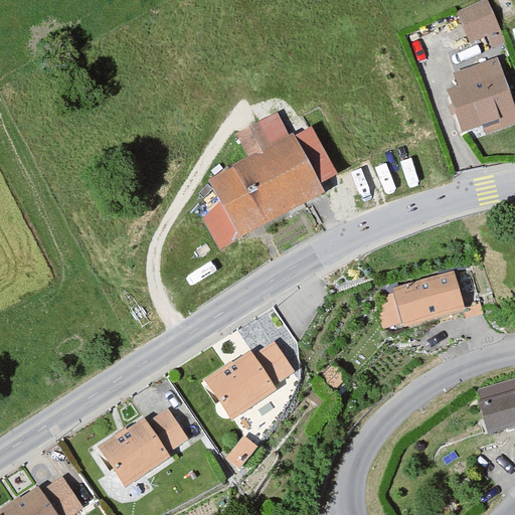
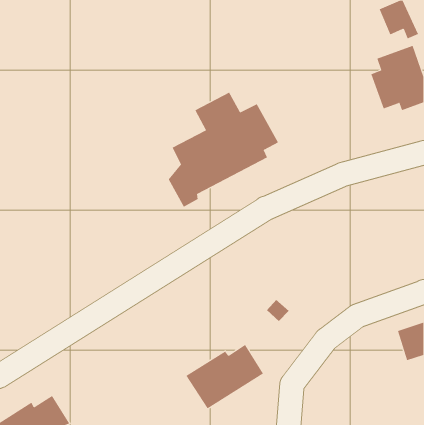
building: [393,270,466,326] -> none
building: [202,341,297,419] -> [185,344,264,409]
building: [100,407,190,486] -> none

